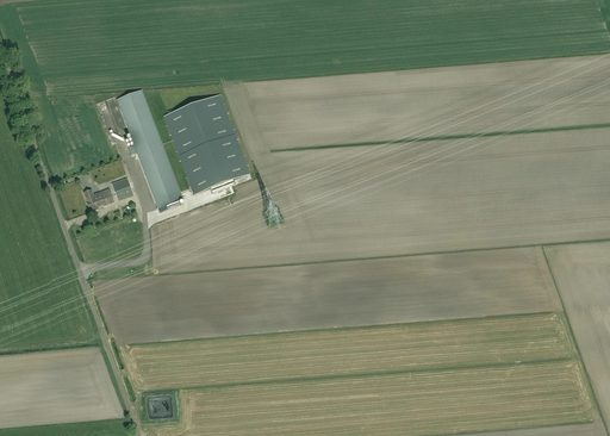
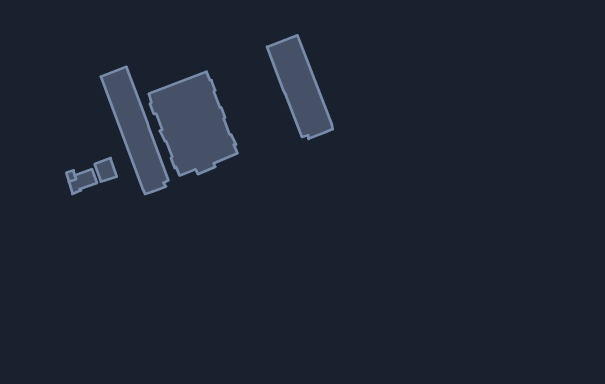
building: none -> [267,35,333,139]

